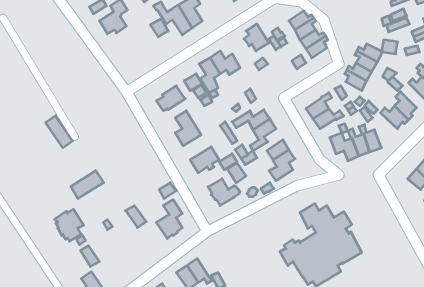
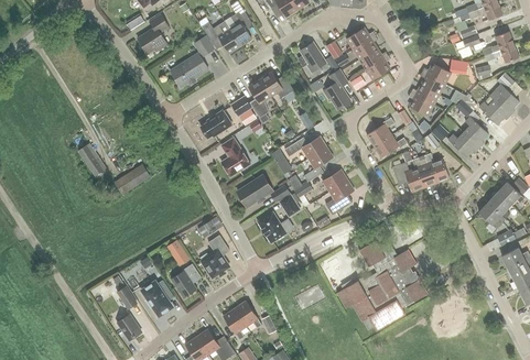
building: none -> [166,52,208,86]
building: none -> [323,68,350,109]
building: [71,171,104,199] -> [115,163,151,194]
building: [55,209,84,241] -> [142,279,174,314]
building: none -> [172,263,202,296]

